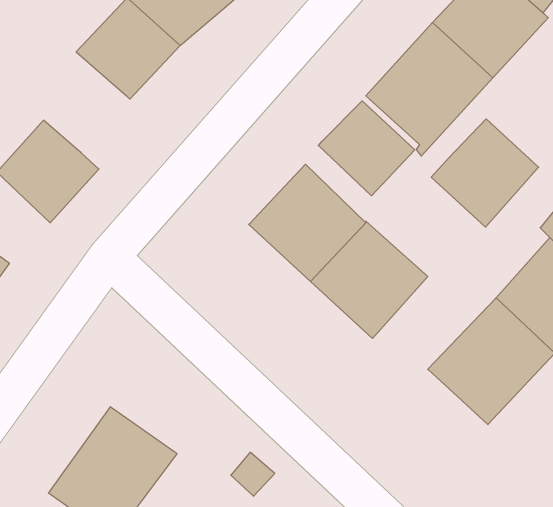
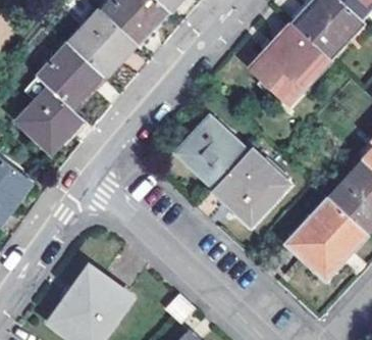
building: none -> [37,45,100,108]
building: [318,101,415,196] -> none
building: [431,119,539,227] -> none

